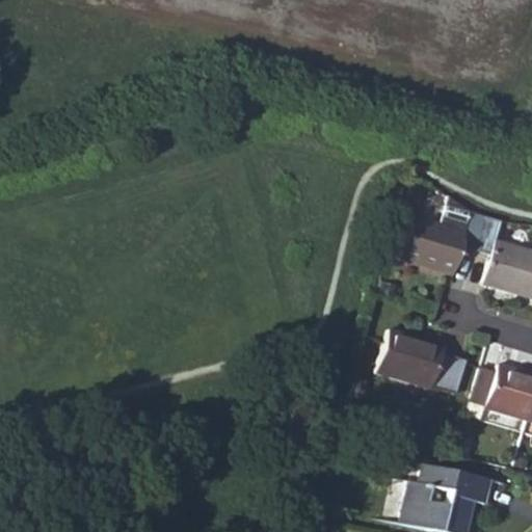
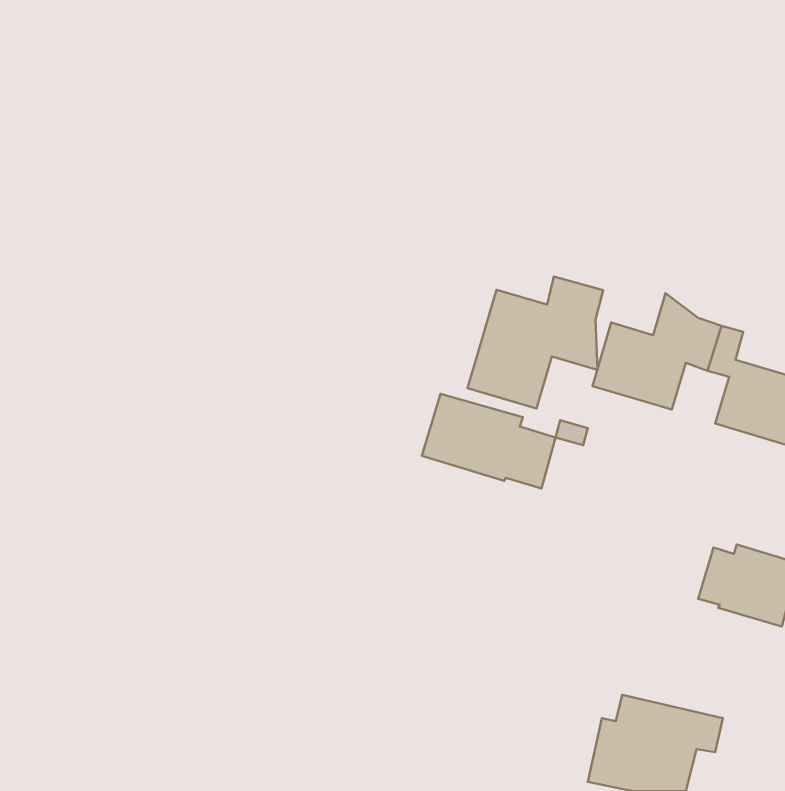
building: none -> [468,276,603,409]
building: [377,330,467,394] -> [422,394,555,489]

